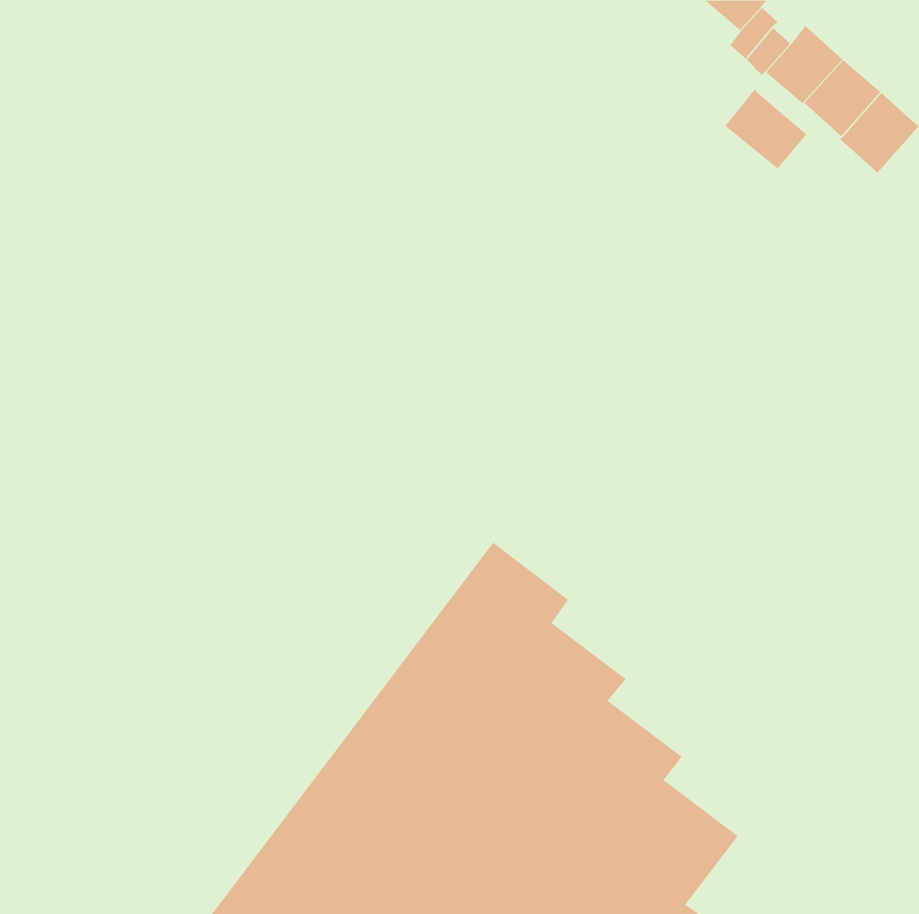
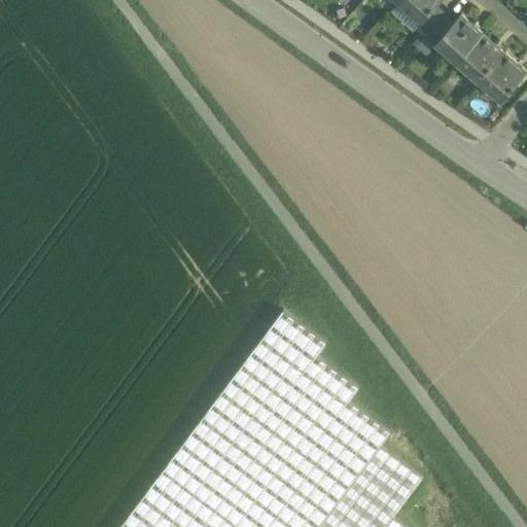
building: [725,89,807,170] -> none

